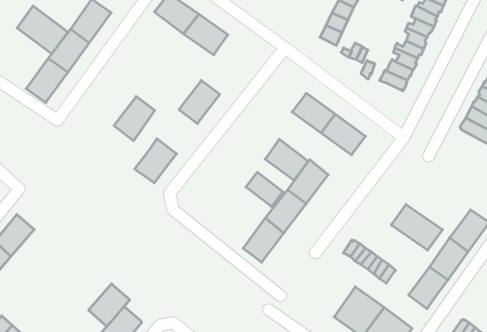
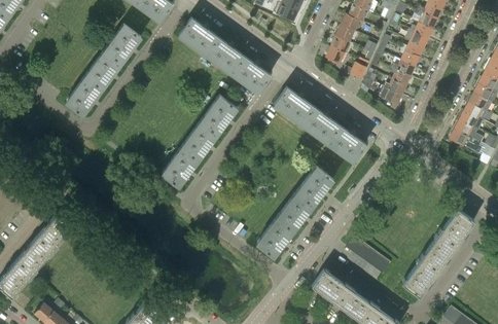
building: [17,6,68,54] -> none
building: none -> [230,56,269,93]
building: [114,96,155,141] -> [180,121,216,160]
building: [265,139,308,180] -> [274,87,312,123]
building: [246,172,283,207] -> none
building: [391,204,443,250] -> none
building: none -> [311,260,355,304]
building: [89,284,130,326] -> none

